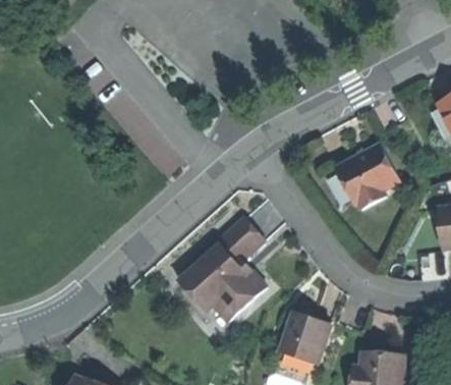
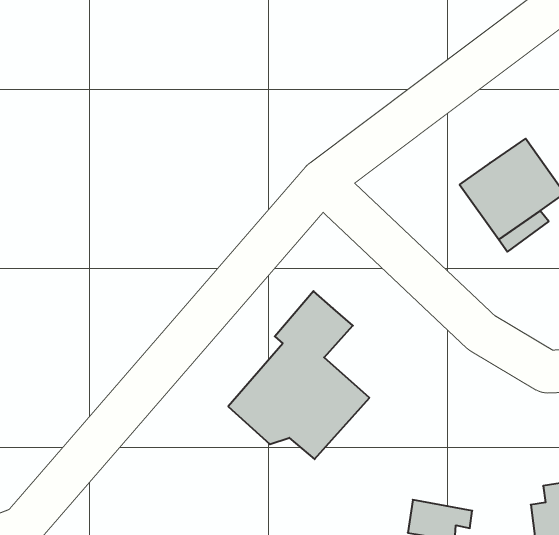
building: [282,310,330,362] -> none

